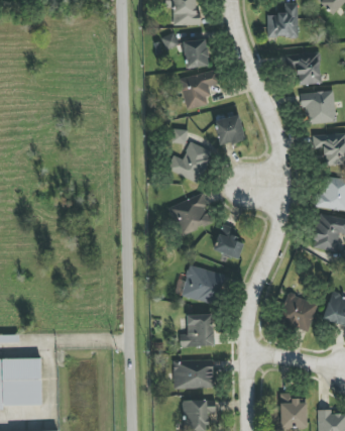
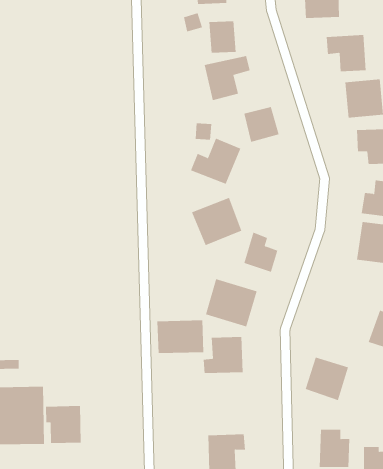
building: [278,293,317,331] -> [305,357,349,401]
building: [172,359,214,389] -> [157,320,204,354]
building: none -> [46,405,81,444]

